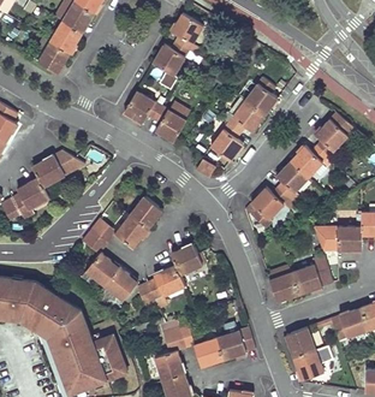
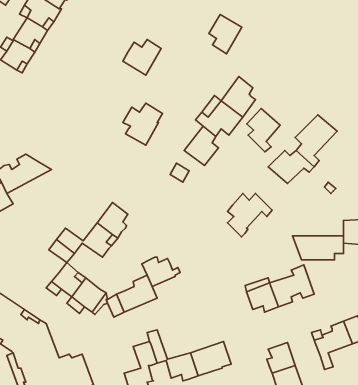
building: [172,13,203,51] -> [209,14,242,54]
building: [124,90,161,123] -> none
building: [276,162,308,203] -> [247,109,280,152]

